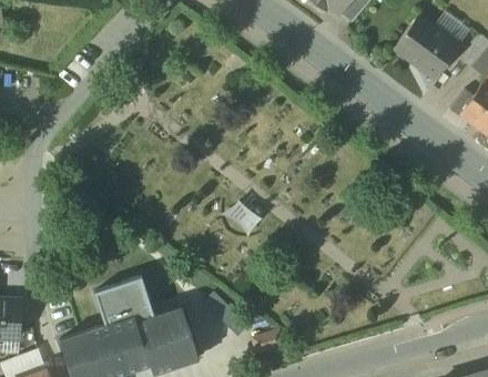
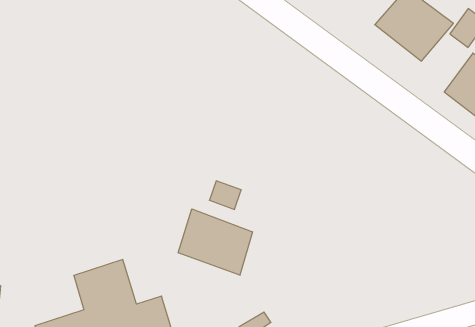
building: none -> [178,209,252,275]

